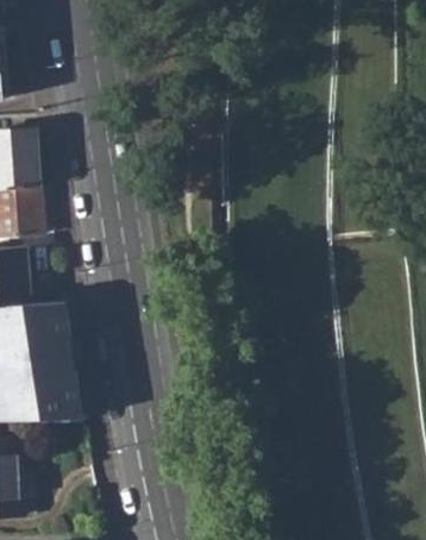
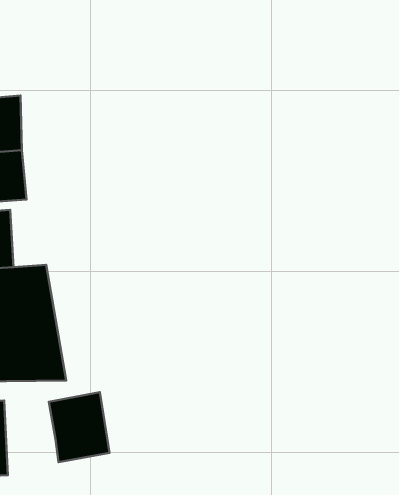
building: none -> [49,392,109,462]

